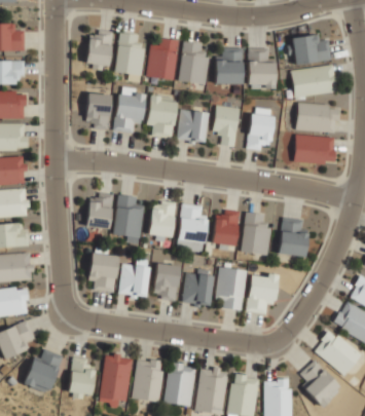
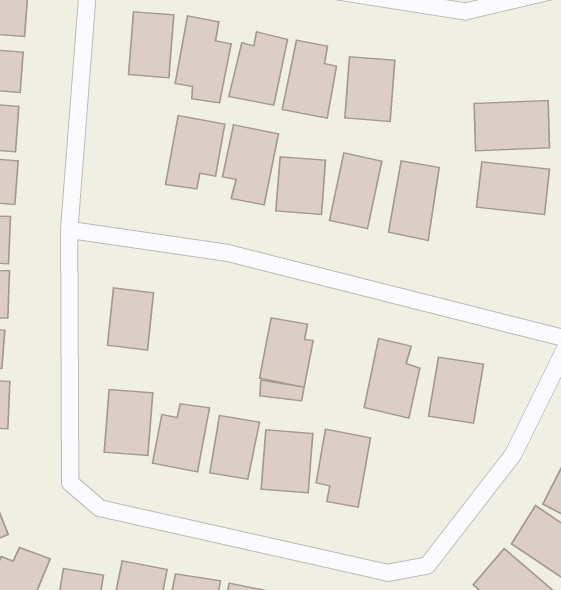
building: [287,36,327,64] -> none
building: [249,48,276,88] -> none
building: [86,93,110,127] -> none
building: [294,135,336,164] -> none
building: [113,195,145,243] -> none
building: [150,203,175,240] -> none
building: [212,211,240,249] -> none
building: [246,272,279,313] -> none

